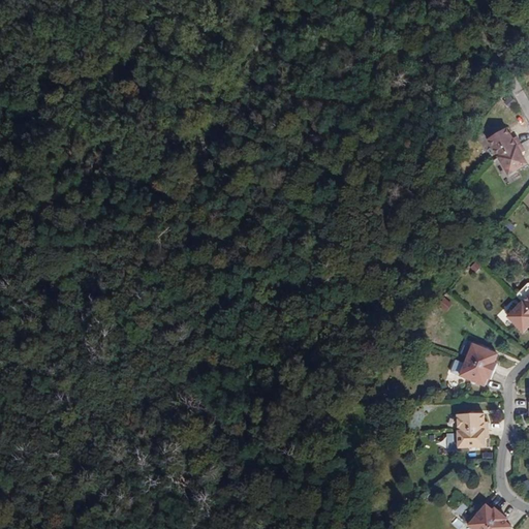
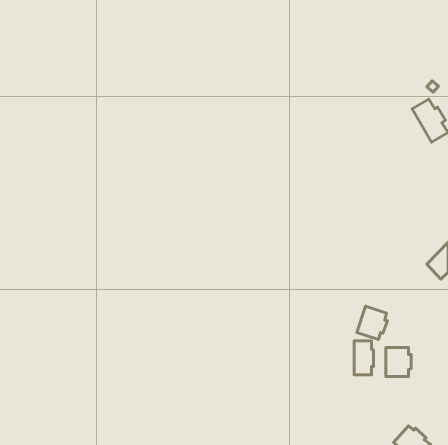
building: [461,346,497,385] -> [357,306,387,339]
building: none -> [354,341,374,375]

